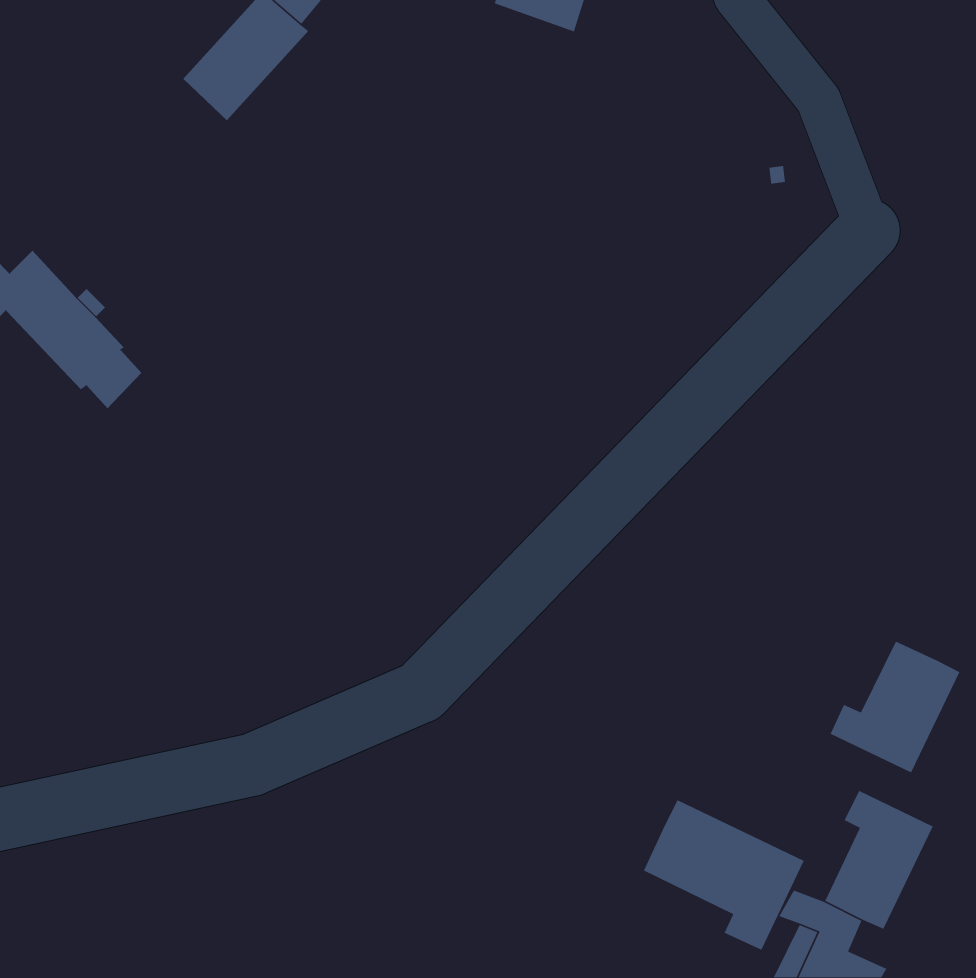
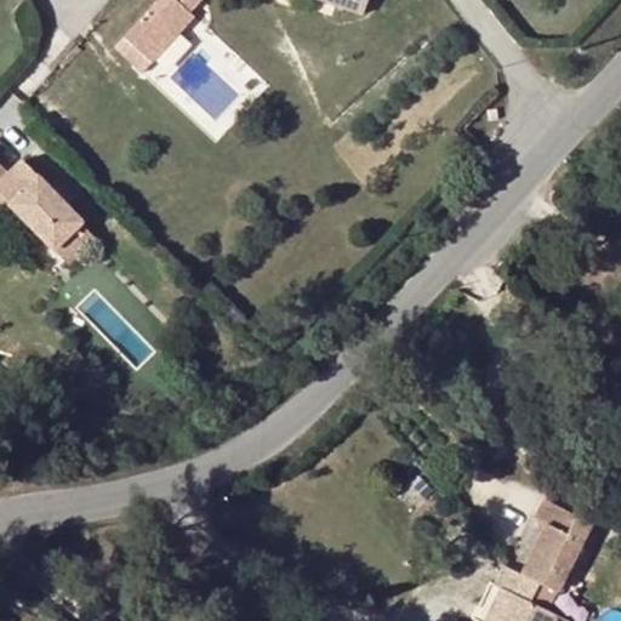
building: [830,641,961,773] -> none
building: [643,799,805,951] -> none

